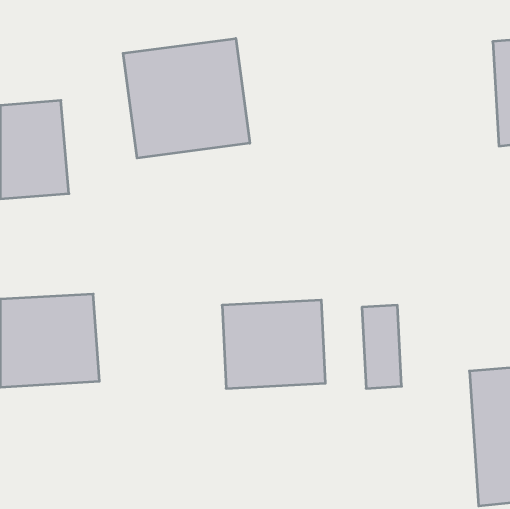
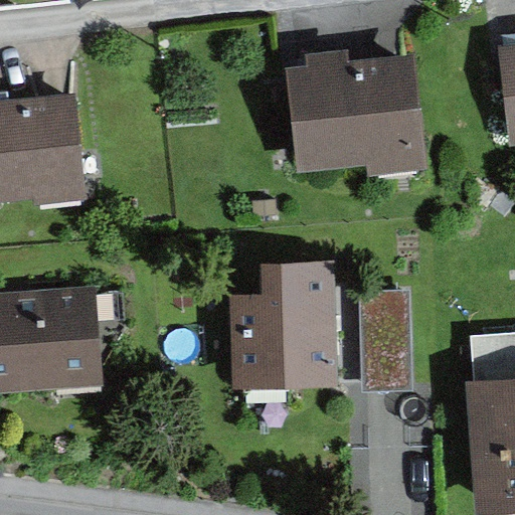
building: [123,38,250,158] -> none
building: none -> [280,55,419,163]

